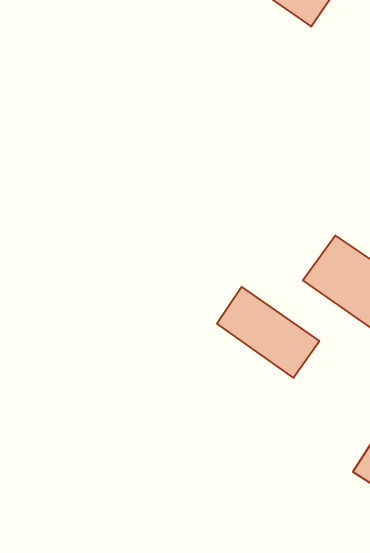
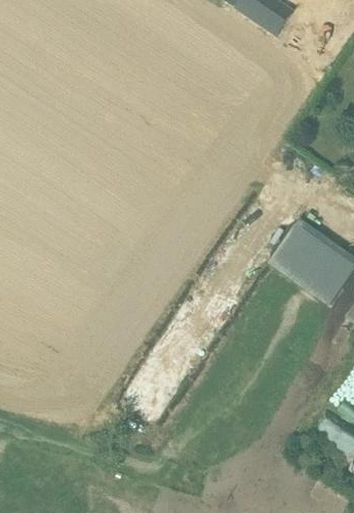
building: [217,287,319,378] -> none

